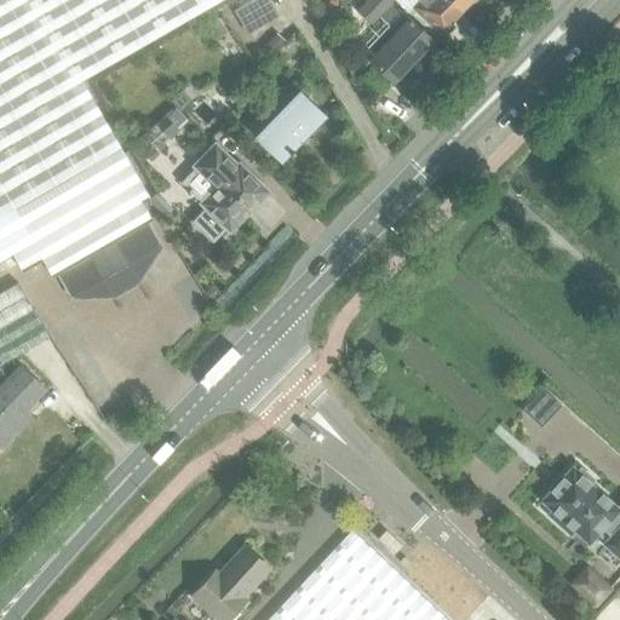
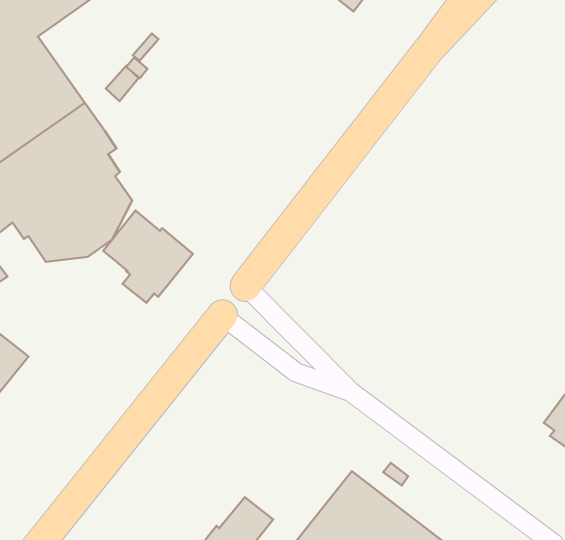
building: [257,92,327,163] -> none
building: [180,144,268,235] -> [103,211,193,303]

